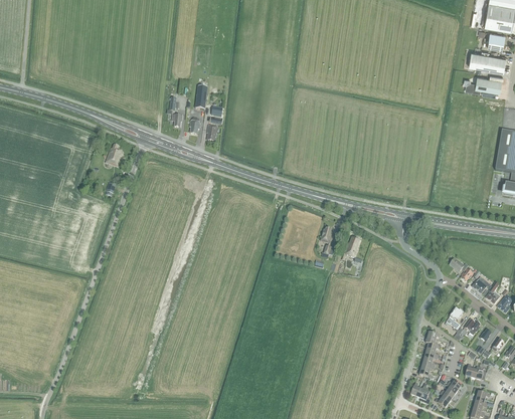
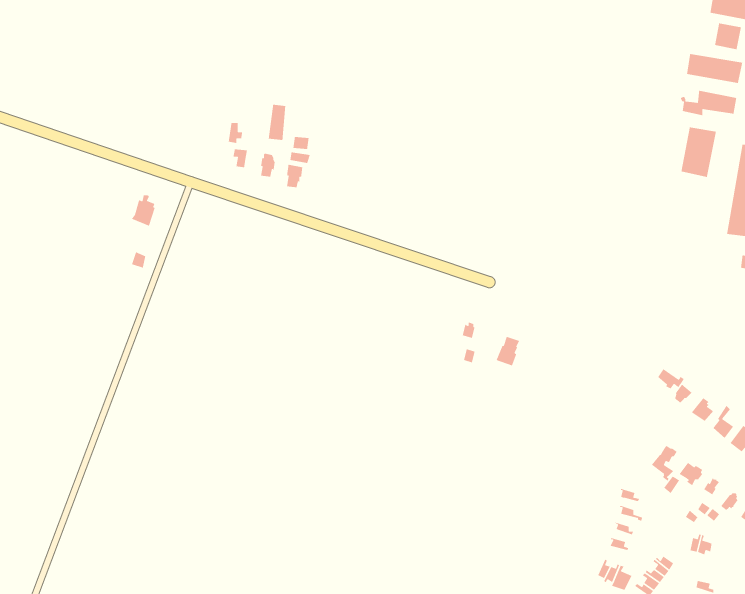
building: none -> [680,126,717,178]

